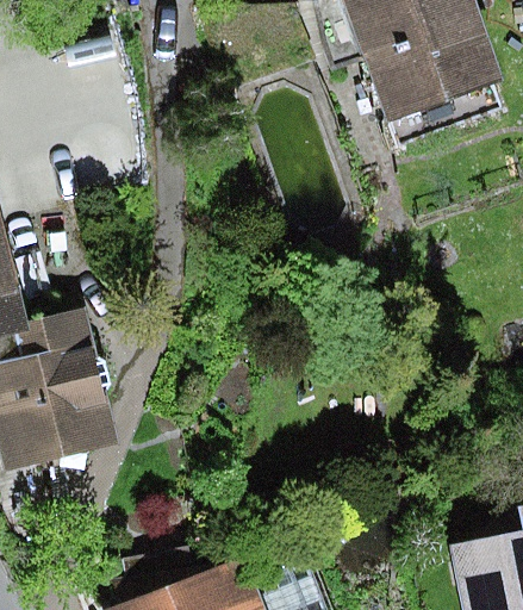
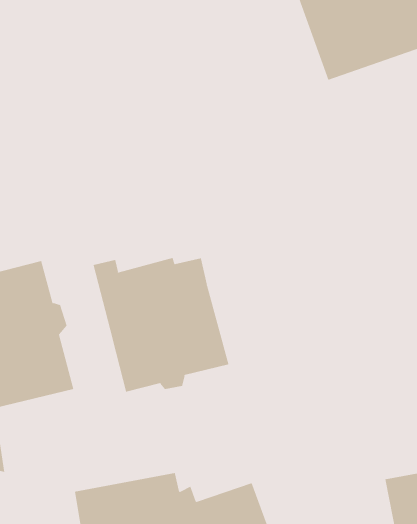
building: none -> [93,257,229,392]

